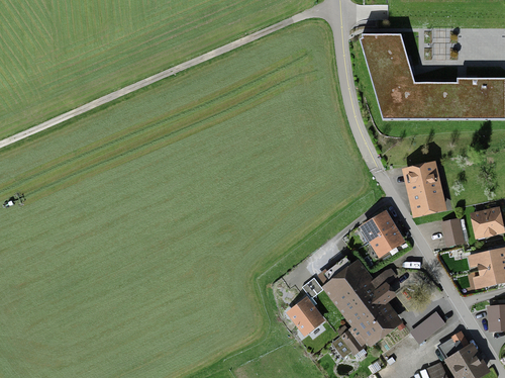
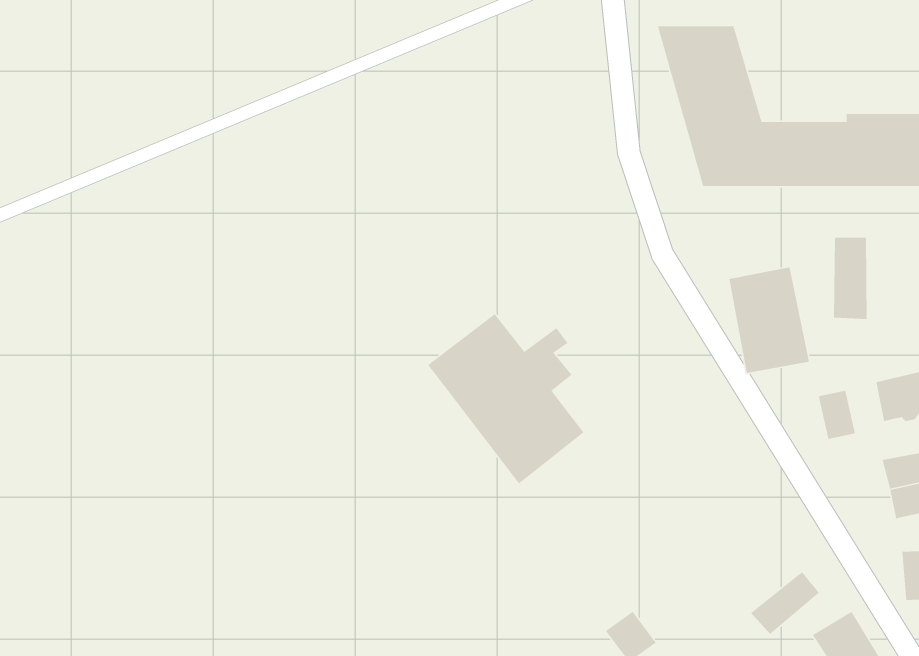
building: none -> [833,237,867,320]
building: [356,204,401,252] -> none
building: [319,257,399,344] -> [427,313,584,484]
building: [283,291,320,329] -> none

